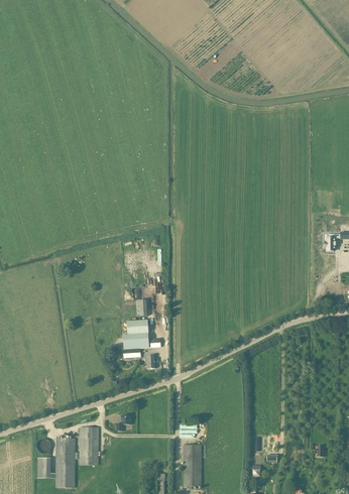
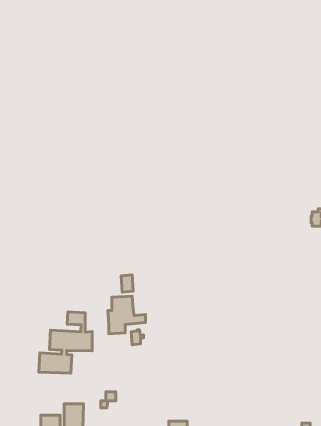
building: none -> [39,312,92,373]

